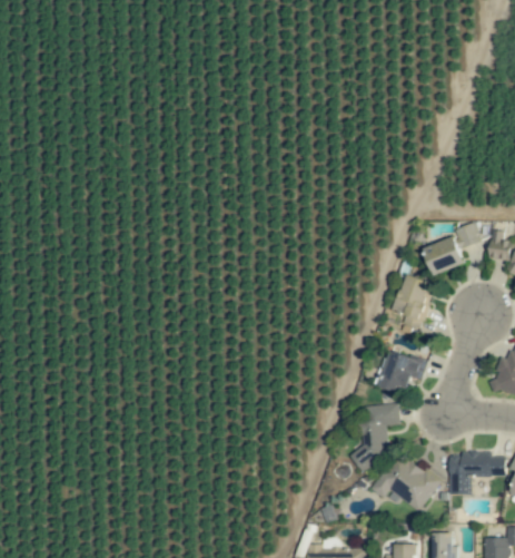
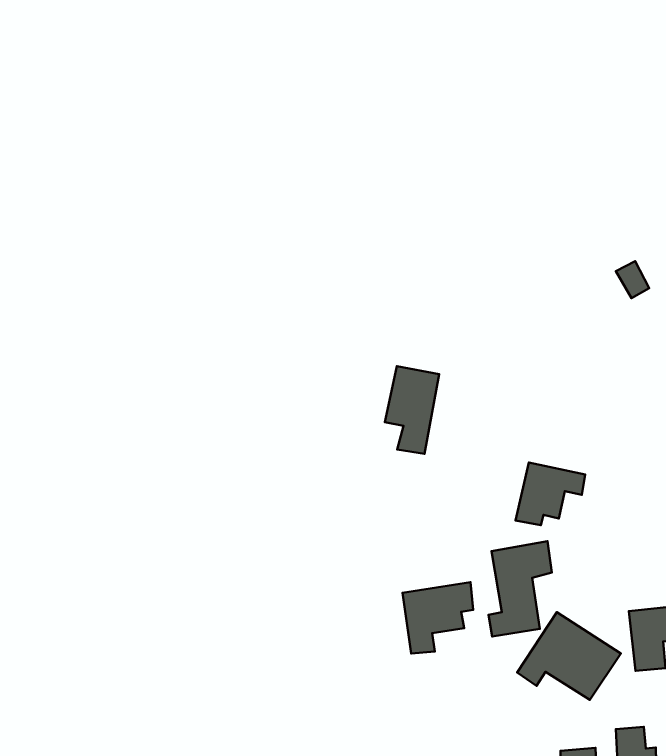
building: [423,235,465,275] -> none
building: [394,274,433,334] -> [385,366,439,454]
building: none -> [403,582,473,654]

